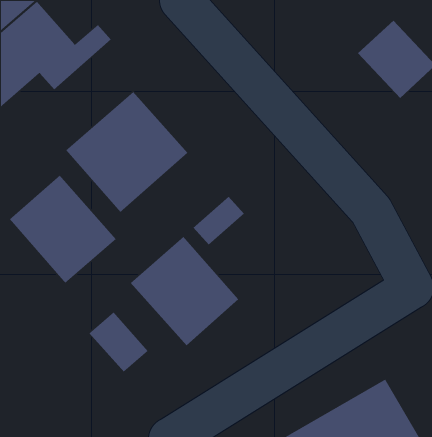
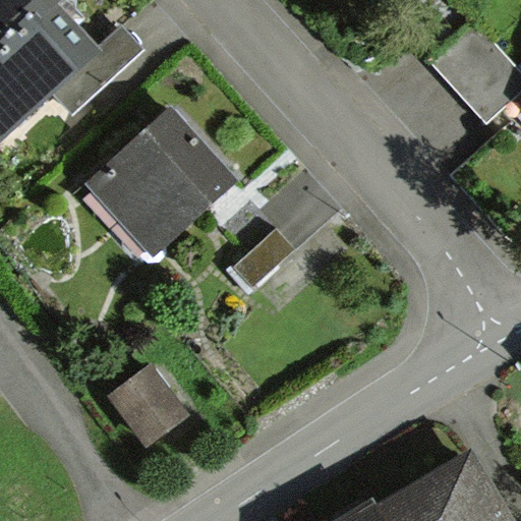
building: [9,174,117,284] -> none
building: [130,236,239,346] -> none

